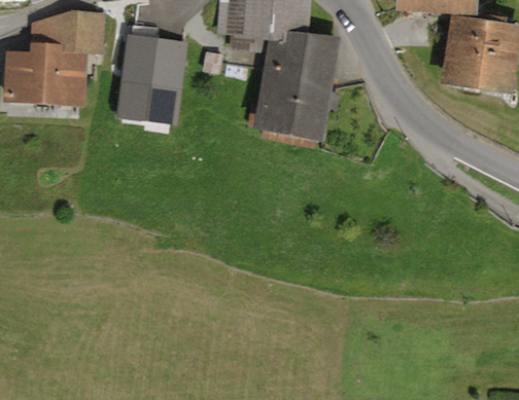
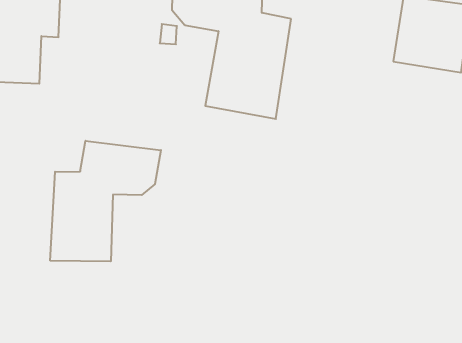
building: [116,31,187,121] -> none
building: none -> [50,141,161,261]

